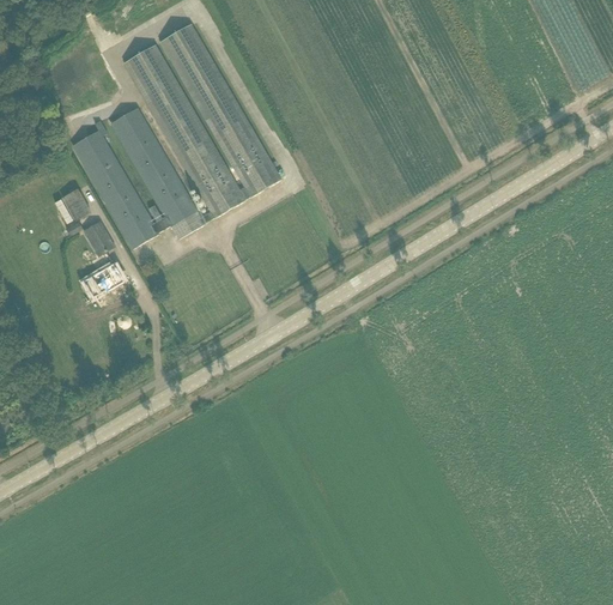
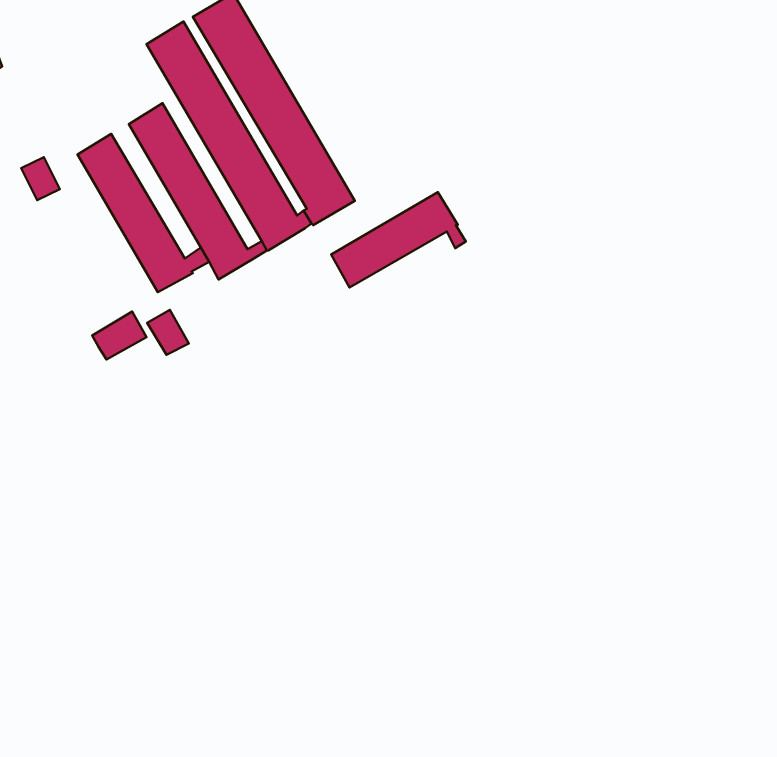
building: none -> [331,192,466,287]
building: [62,186,91,218] -> [21,157,60,200]
building: [83,219,114,253] -> [147,310,189,355]

